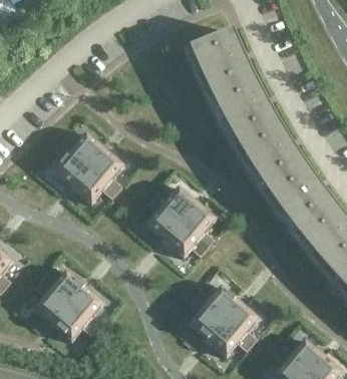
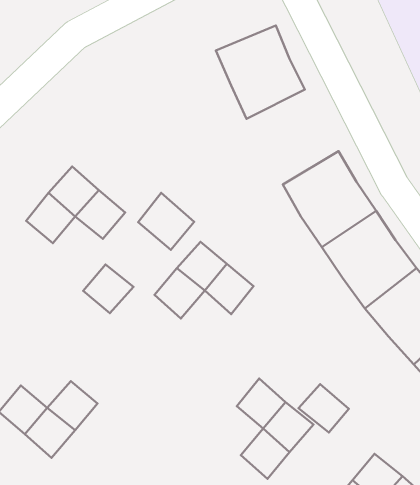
building: [211,77,277,145] -> none
building: none -> [138,193,194,250]
building: [71,168,107,204] -> [83,264,133,313]
building: [163,222,209,258] -> none
building: [39,266,84,306] -> none
building: none -> [298,384,349,433]
building: [187,305,223,340] -> none

